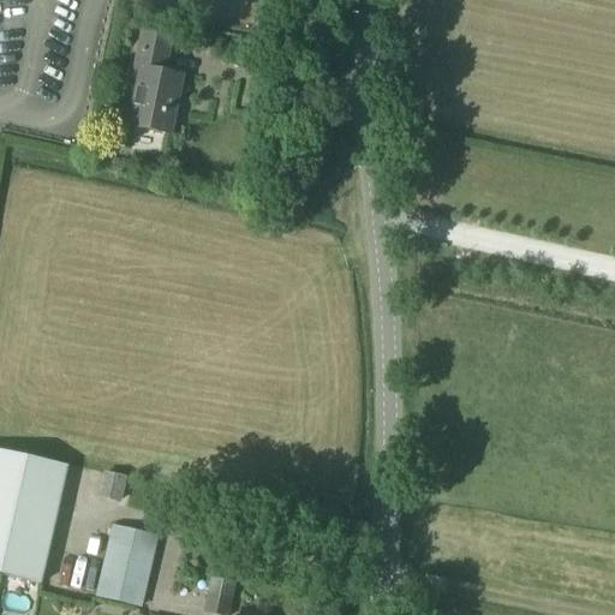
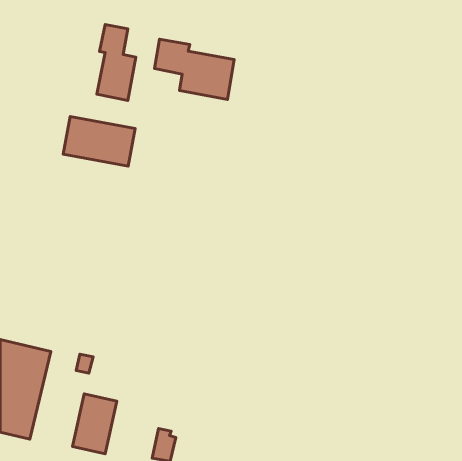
building: none -> [154,39,234,100]
building: none -> [63,116,135,166]

